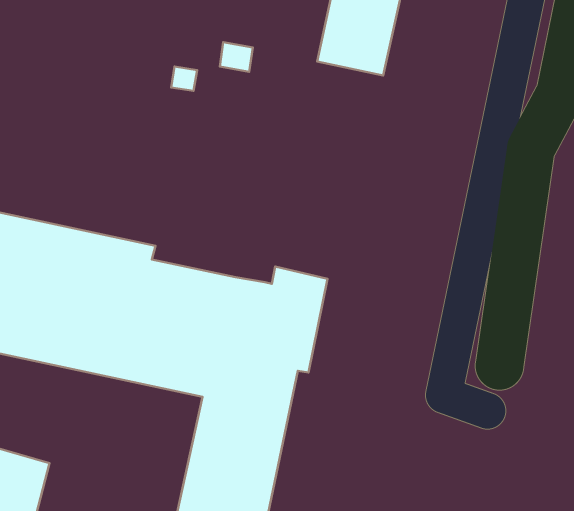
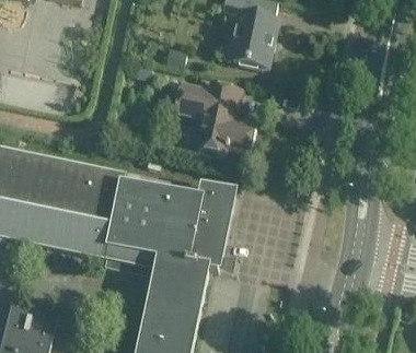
building: none -> [173,80,255,155]

